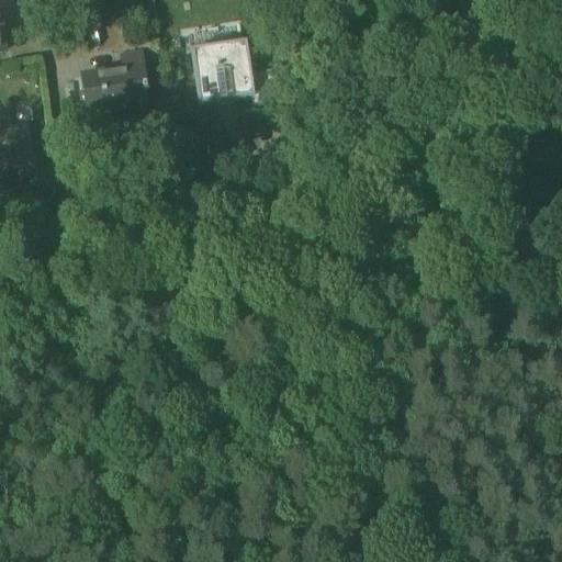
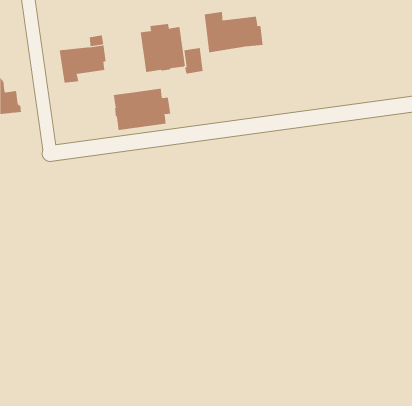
building: none -> [204,11,263,53]
building: none -> [113,88,171,131]

